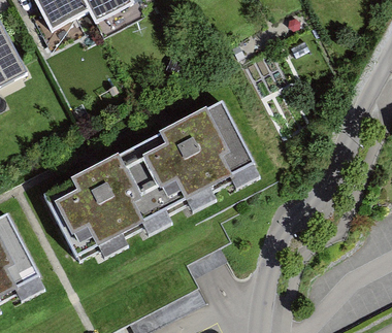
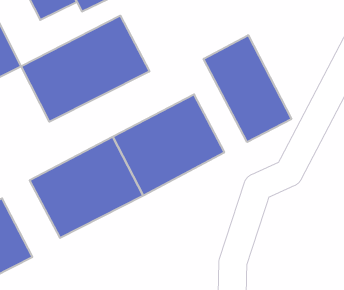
building: none -> [21,16,149,122]
building: none -> [204,35,291,142]

